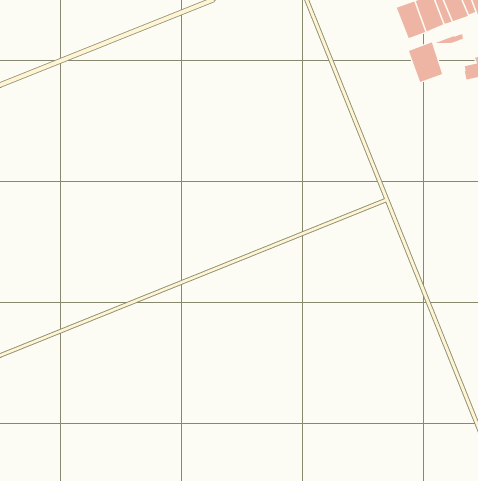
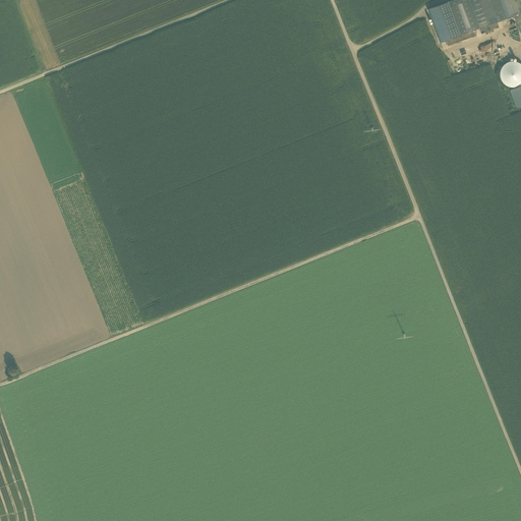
building: [408,41,443,83] -> none

